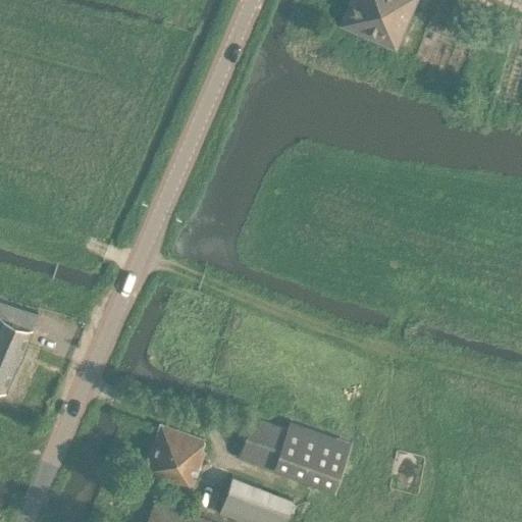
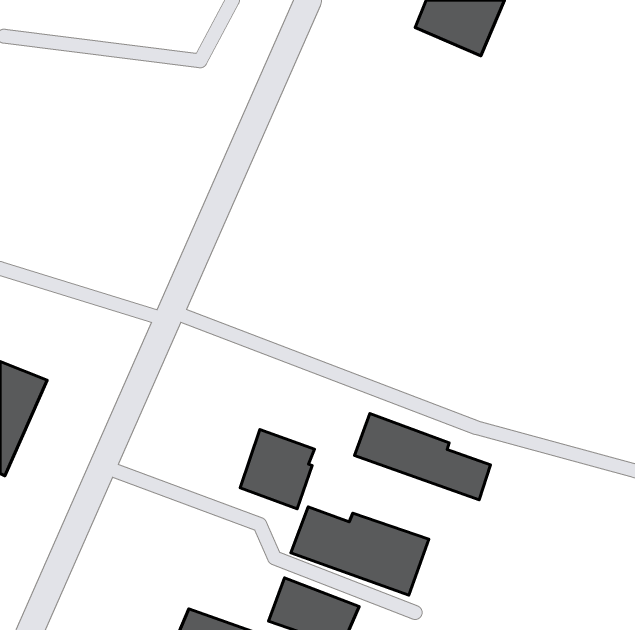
building: none -> [355,414,491,500]
building: [144,426,205,491] -> [240,429,315,509]

